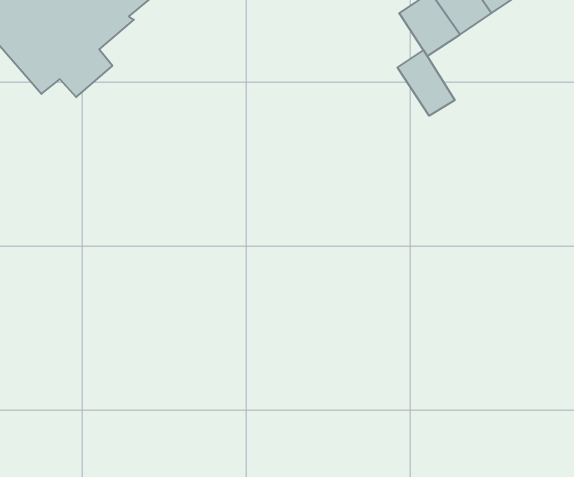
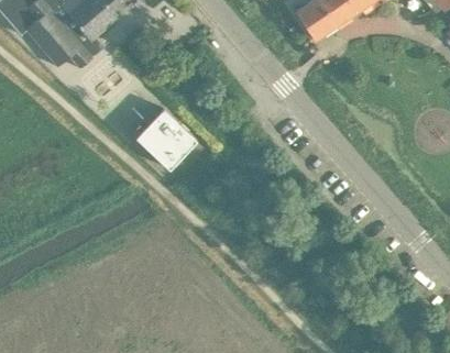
building: [398,50,455,116] -> none
building: none -> [135,108,197,169]

